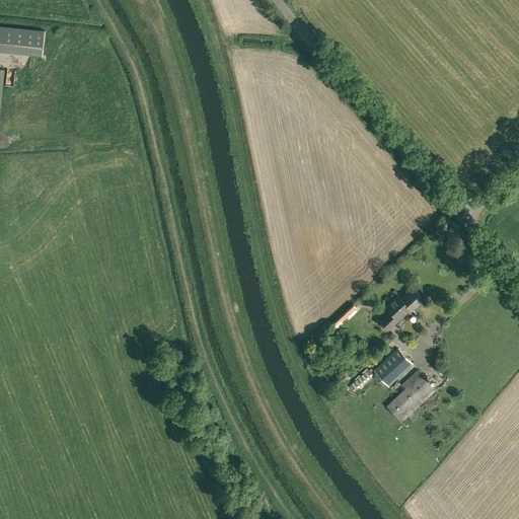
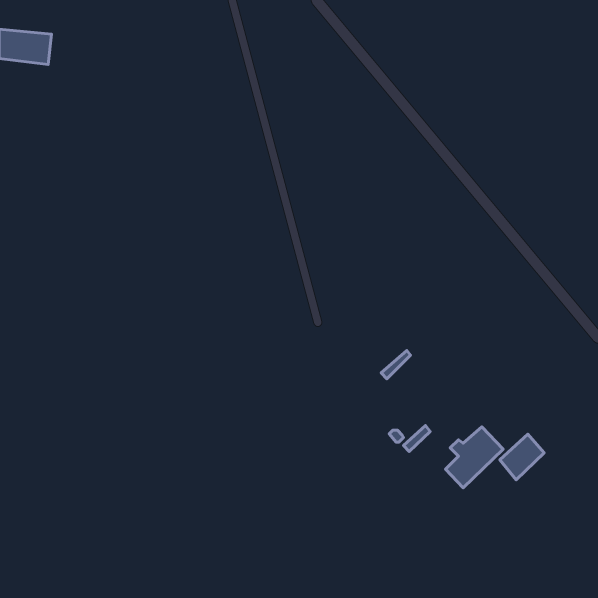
building: [378,288,423,330] -> none
building: [373,348,412,387] -> [500,434,544,480]

